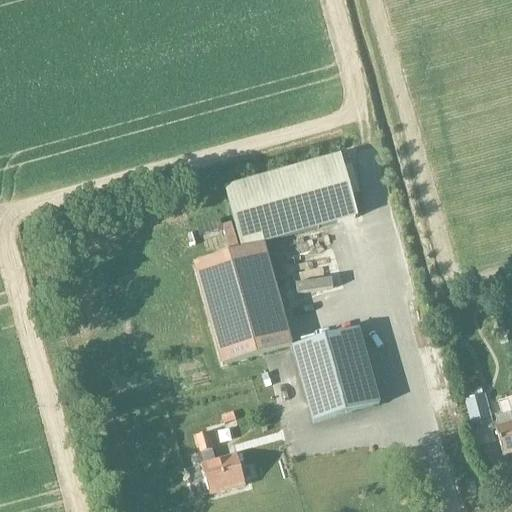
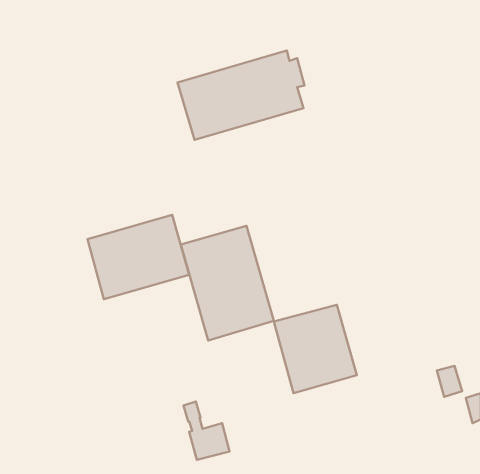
building: [225,150,360,245] -> [178,51,305,140]
building: none -> [87,215,189,299]

